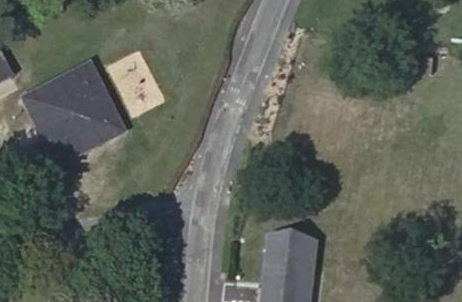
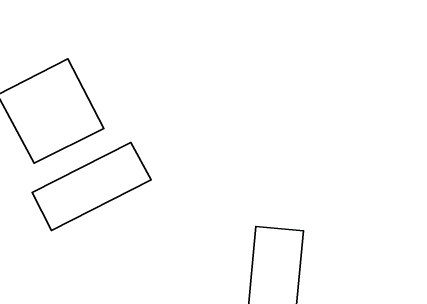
building: none -> [32,142,151,230]

